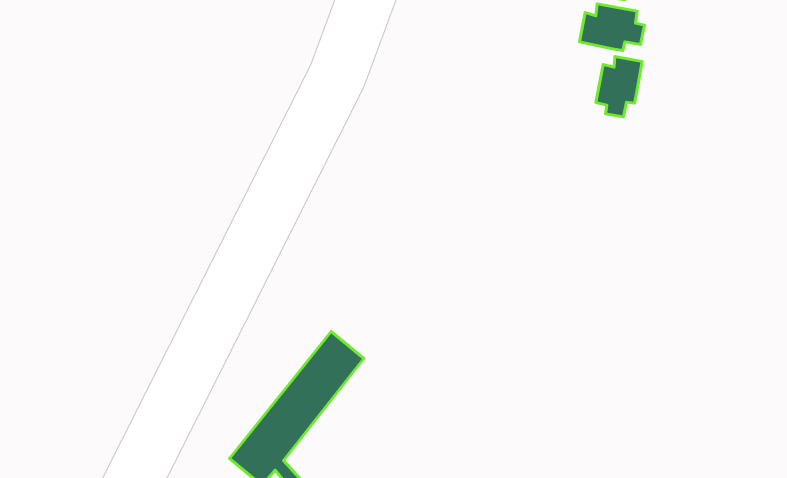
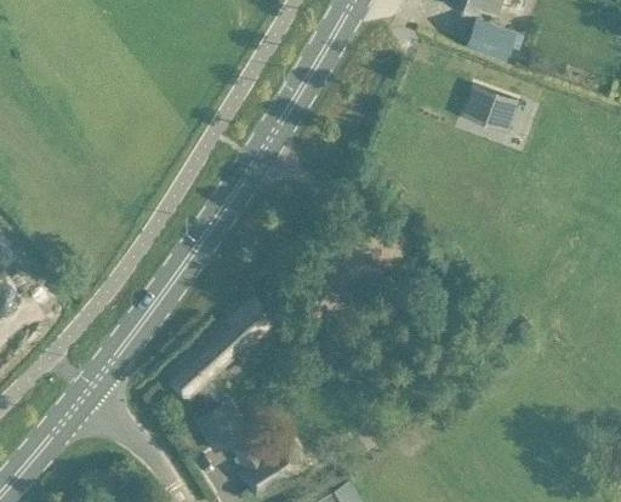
building: [596,56,642,117] -> none

